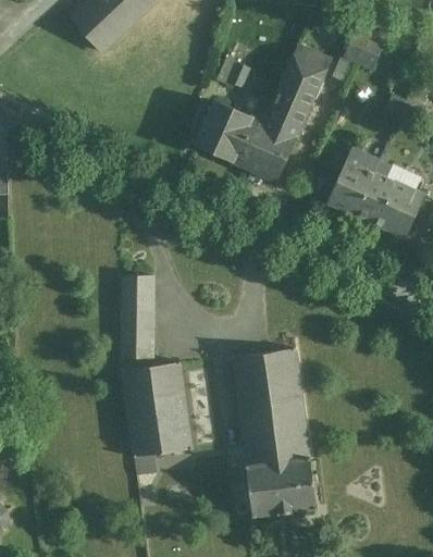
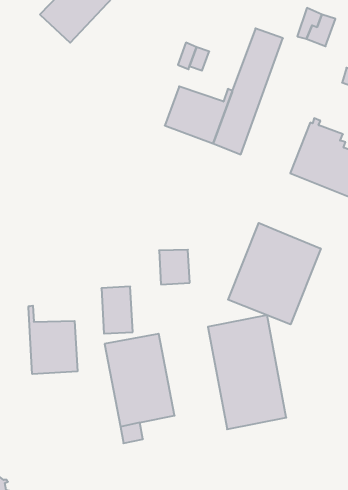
building: none -> [228,223,321,324]
building: [122,275,152,311] -> [159,250,190,284]
building: none -> [29,306,77,374]
building: [244,458,316,518] -> none

